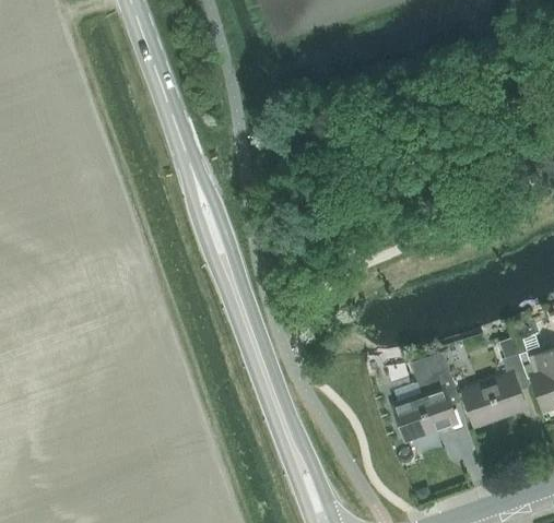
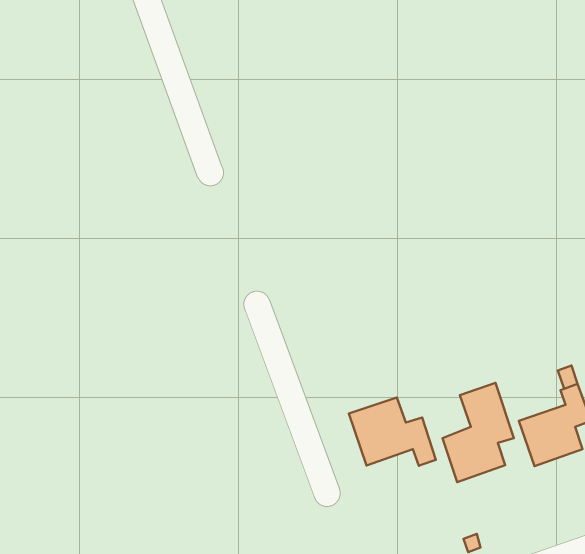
building: none -> [349,397,436,466]

